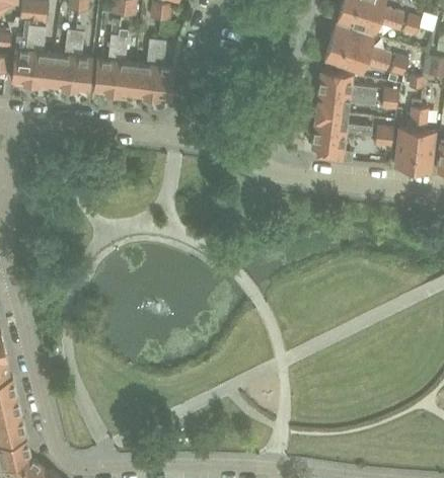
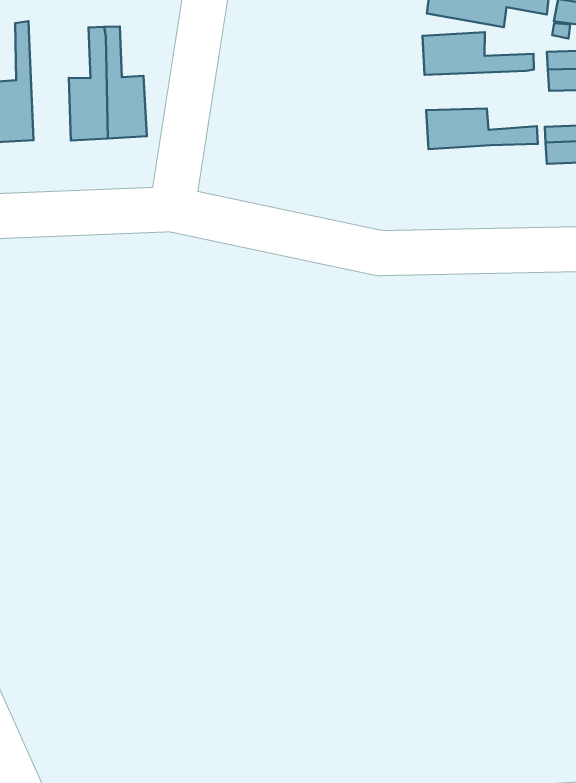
building: [110,27,134,94] -> none
building: [315,89,374,111] -> none
building: [310,128,352,160] -> none

